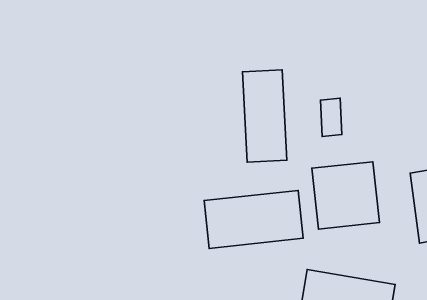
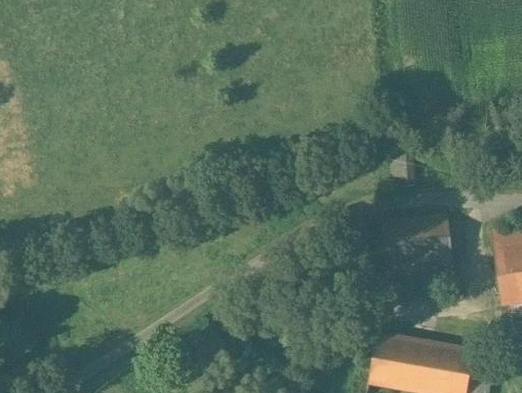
building: [243,70,287,162] -> none
building: [204,191,303,248] -> none

